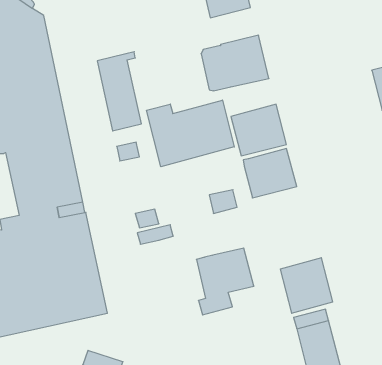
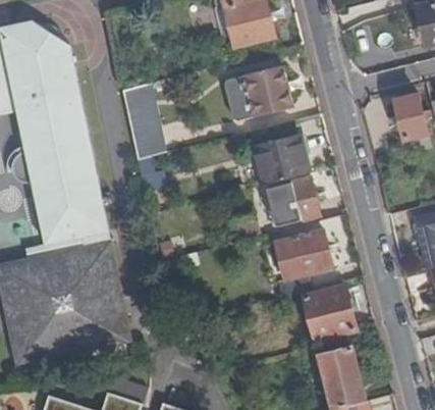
building: [147,100,234,167] -> none
building: [196,248,254,315] -> [275,229,332,296]

